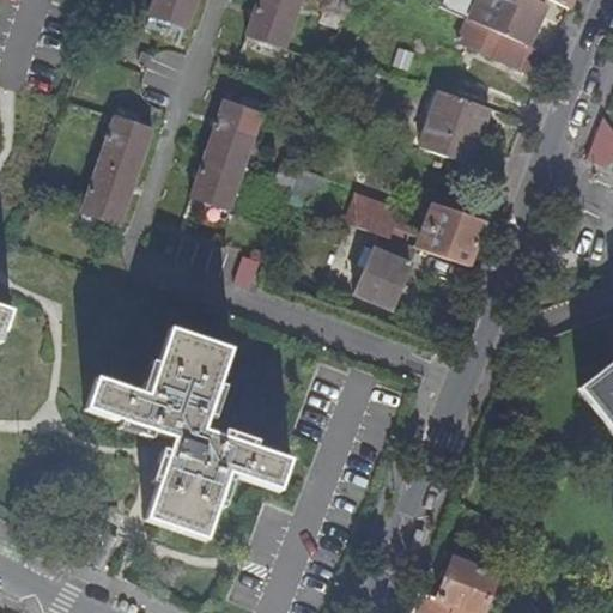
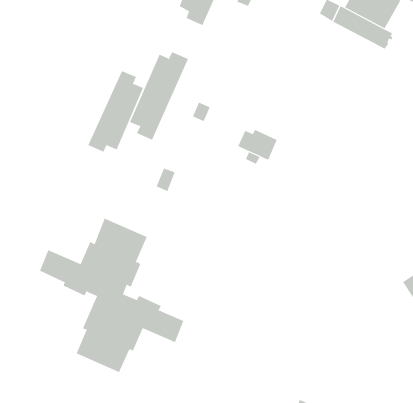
building: [423,89,492,162] -> none
building: [81,105,152,219] -> [88,70,144,153]
building: [423,205,486,263] -> none
building: [354,232,418,306] -> none

